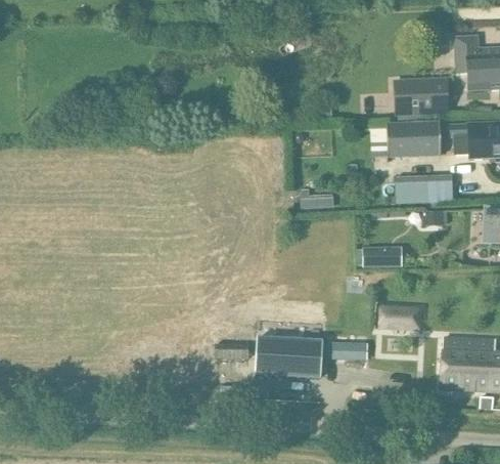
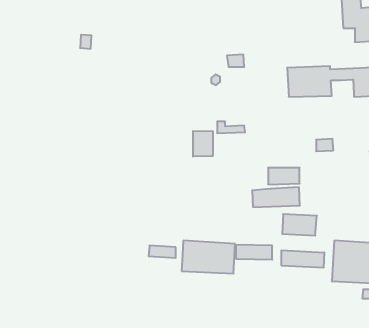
building: [393,77,449,117] -> none
building: [395,176,454,201] -> [252,187,300,207]
building: none -> [193,131,213,157]
building: none -> [281,250,324,268]

